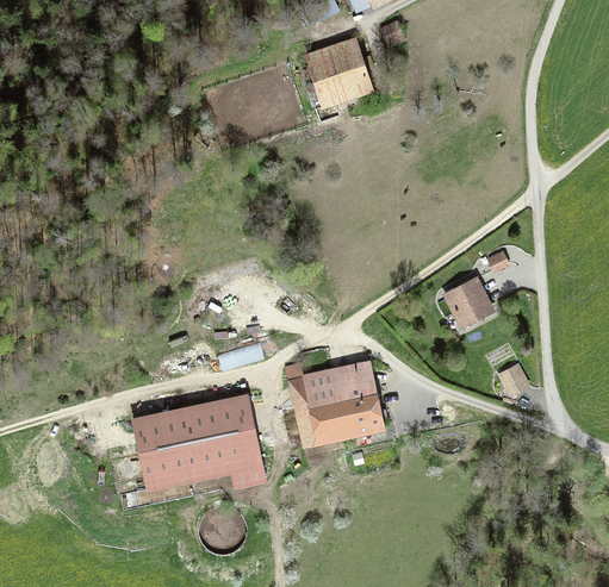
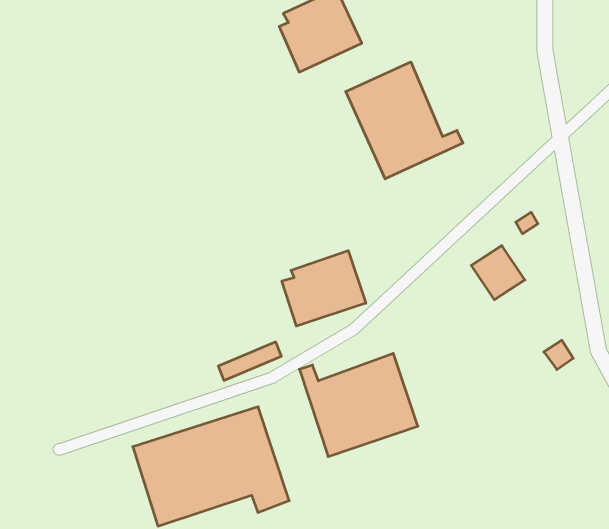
building: none -> [346,62,463,179]
building: none -> [282,251,366,326]

